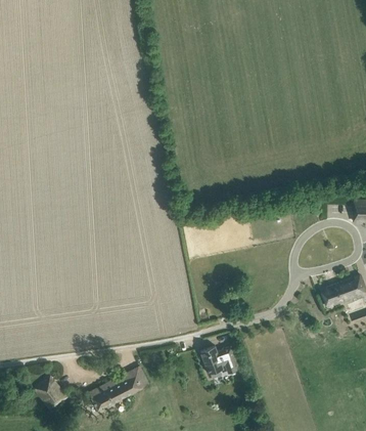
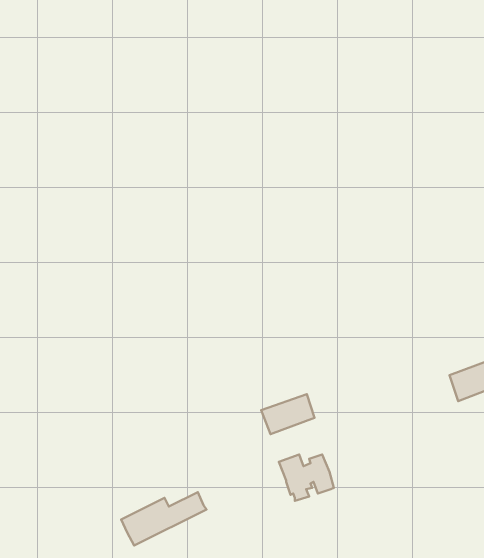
building: none -> [261,394,315,434]
building: [32,375,66,412] -> none

